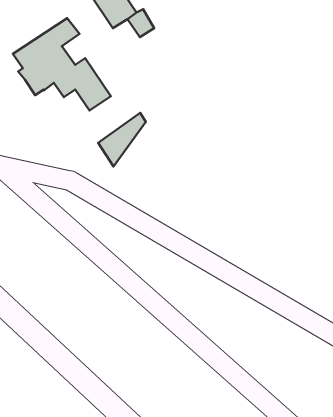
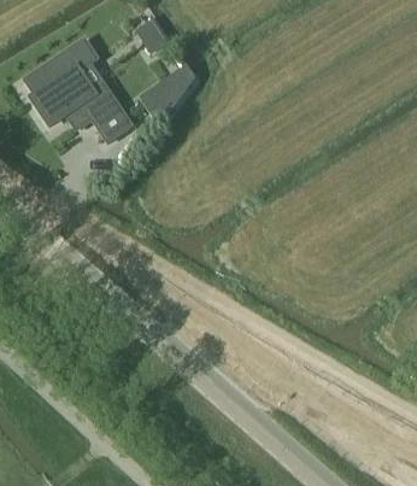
building: [98,113,146,166] -> [146,66,198,124]

